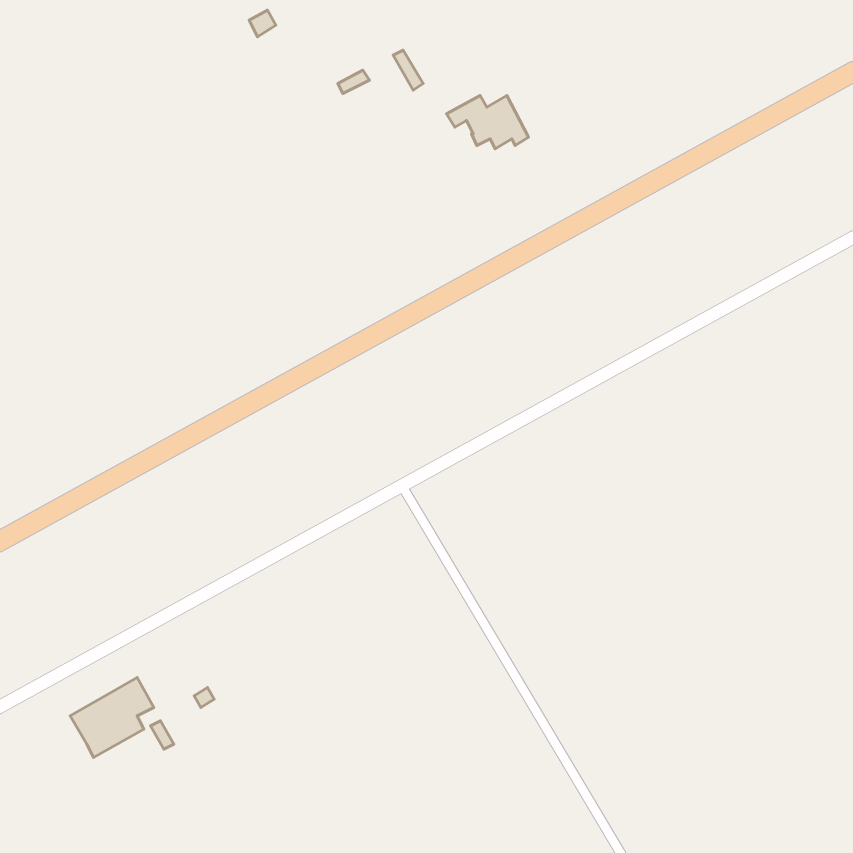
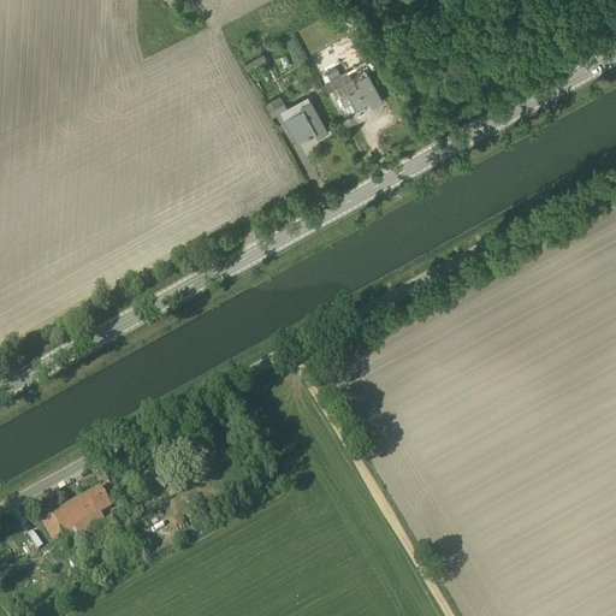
building: none -> [263,93,326,140]

